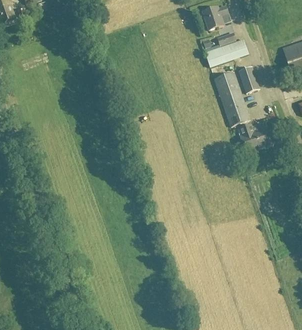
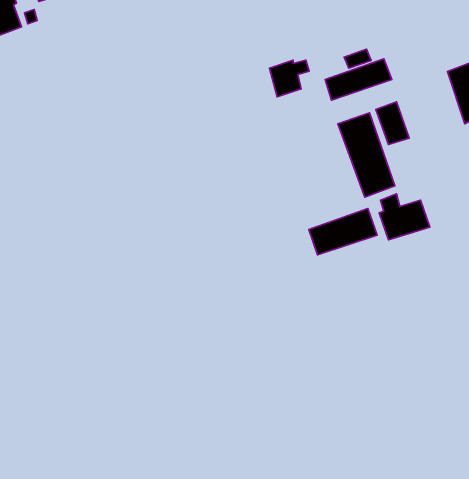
building: [203,7,228,30] -> [269,60,309,97]
building: none -> [309,209,377,255]

